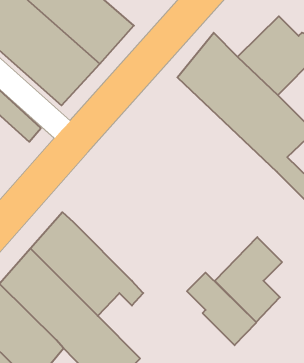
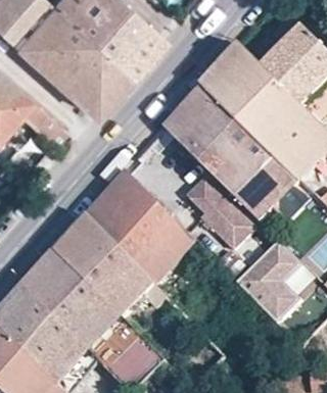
building: none -> [161,82,307,216]
building: none -> [85,170,192,282]
building: [187,273,256,345] -> [185,177,253,248]

